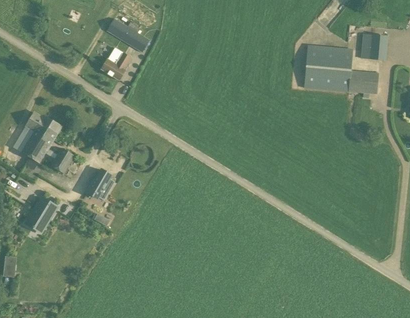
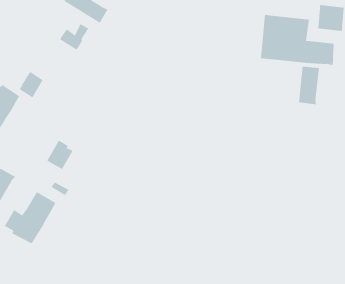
building: none -> [298,66,319,105]
building: [49,147,74,174] -> [19,71,44,98]
building: none -> [4,191,56,244]

